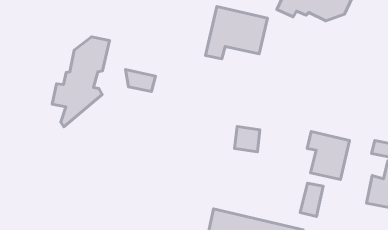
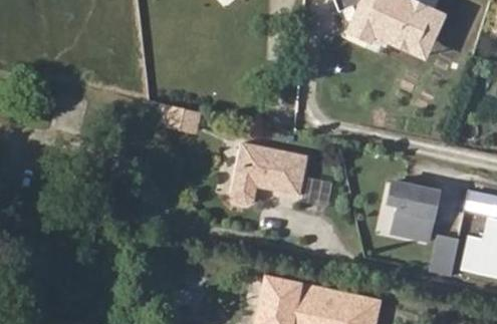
building: [206,7,267,59] -> [225,139,301,204]
building: [52,37,109,127] -> none
building: [300,183,323,216] -> [431,237,459,278]

